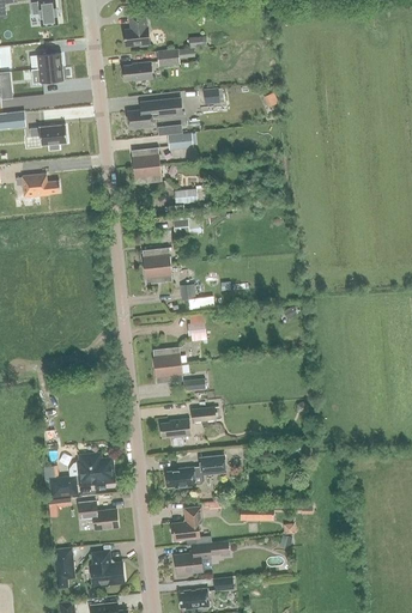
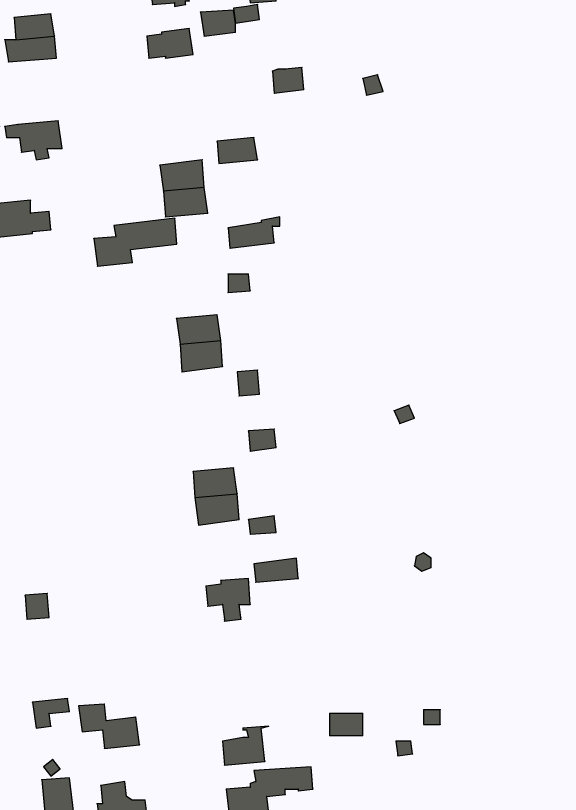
building: [127,97,181,128] -> [94,218,177,266]
building: [50,454,113,494] -> none
building: [165,455,225,486] -> none

